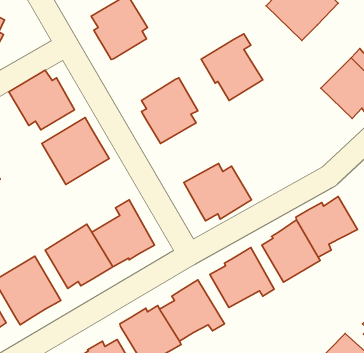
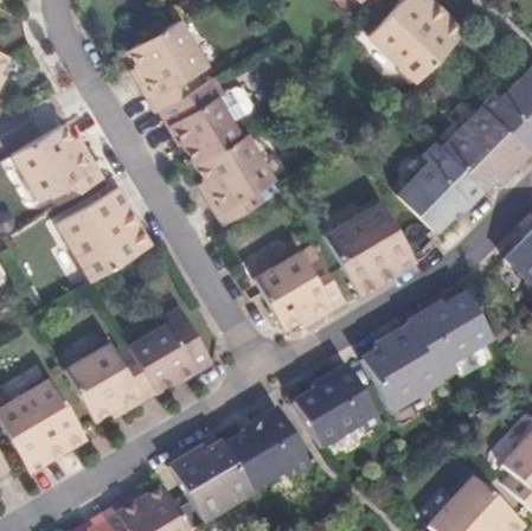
building: [201,34,263,101] -> [158,72,242,164]
building: none -> [396,143,483,231]
building: none -> [325,201,416,294]

